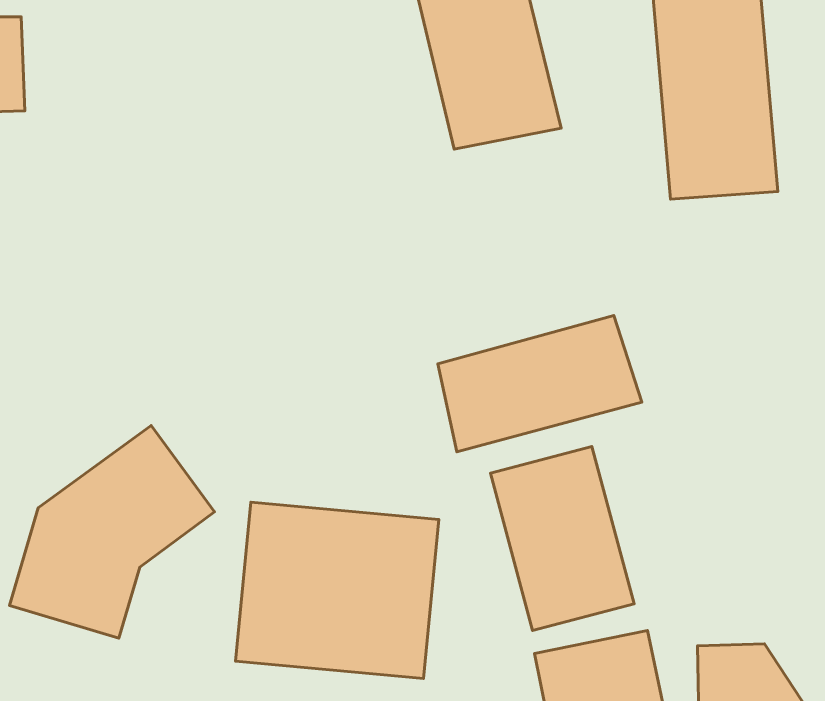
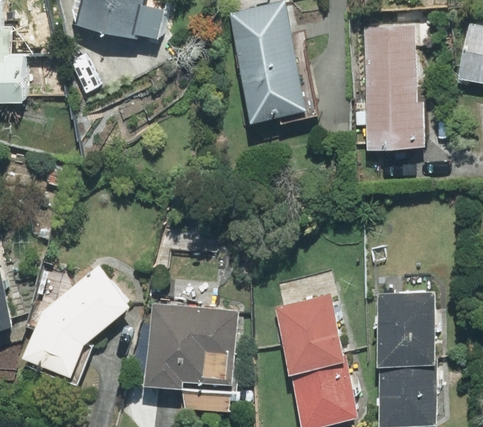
building: [438,315,642,452] -> none
building: none -> [380,301,429,368]

